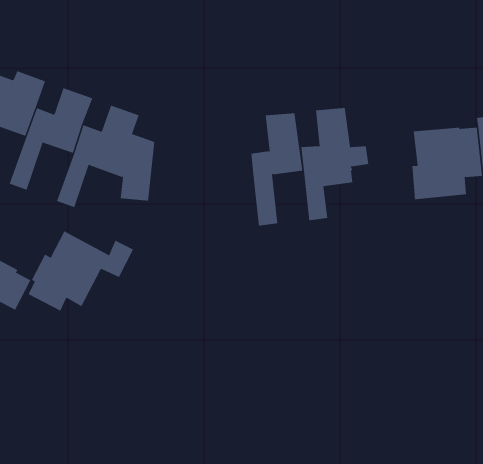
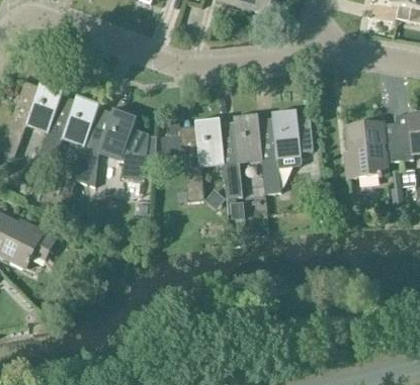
building: none -> [160,115,224,202]
building: [28,230,134,312] -> none

